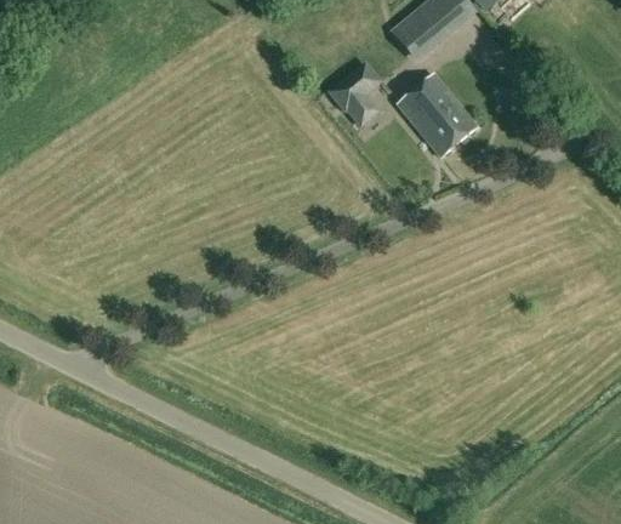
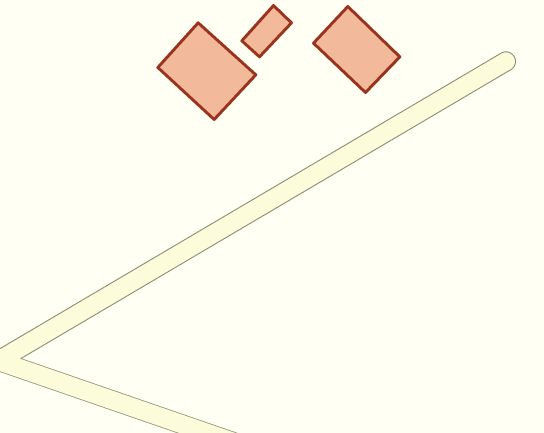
building: none -> [158,23,256,119]

